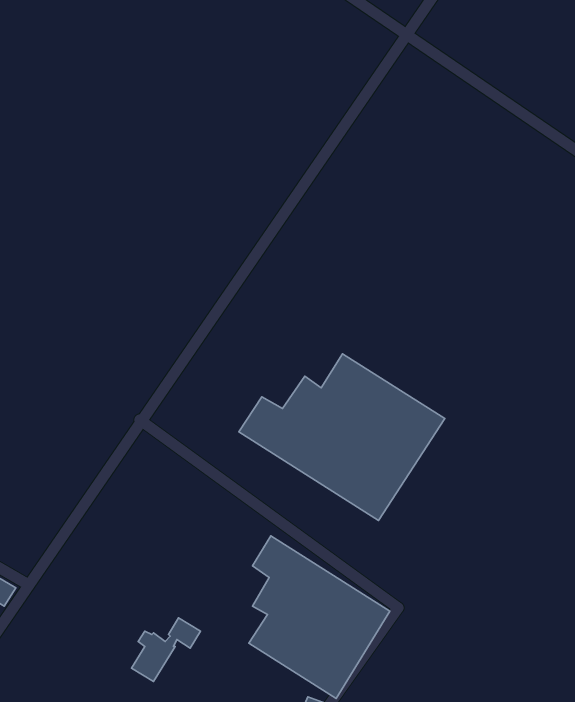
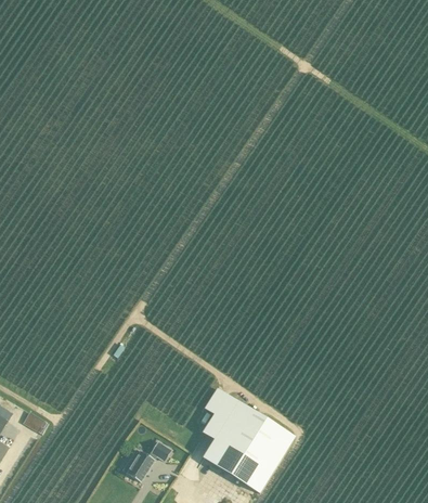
building: [239,354,445,520] -> none

